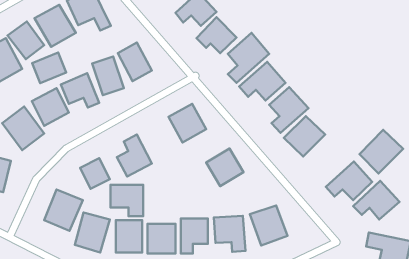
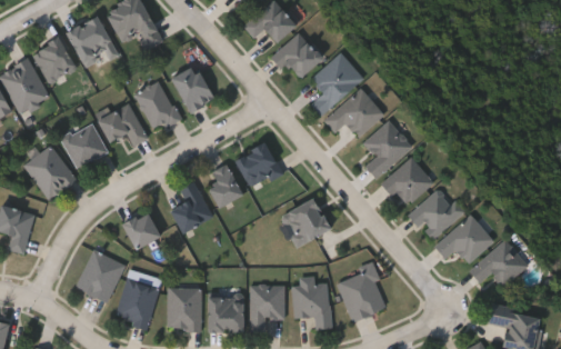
building: [32,53,66,83] -> none
building: none -> [207,163,241,207]
building: [359,130,403,173] -> [409,186,464,241]
building: [111,185,143,216] -> none

